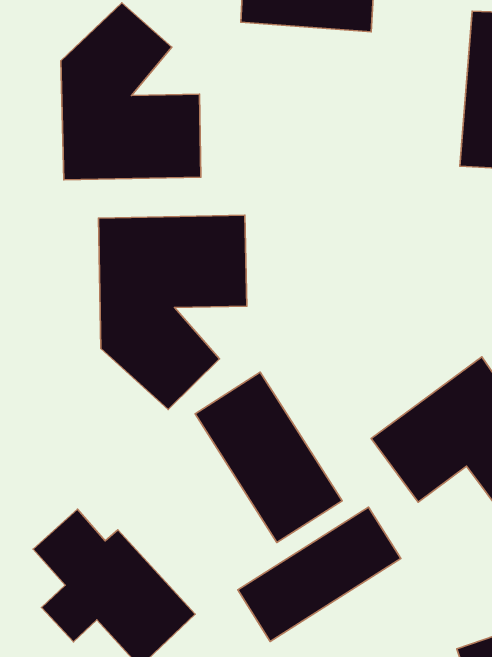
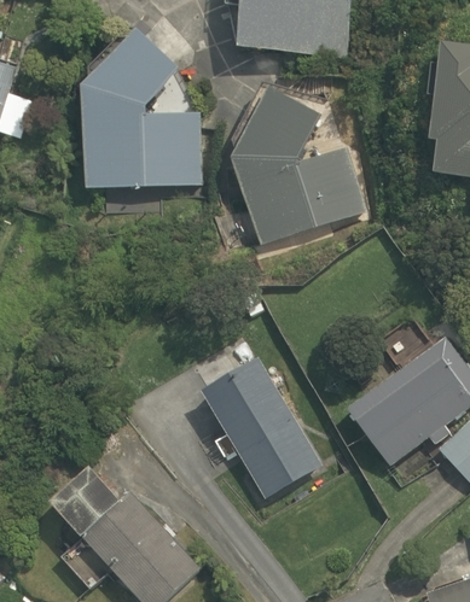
building: none -> [226,90,369,245]
building: [98,215,247,409] -> none
building: [238,507,401,641] -> none

